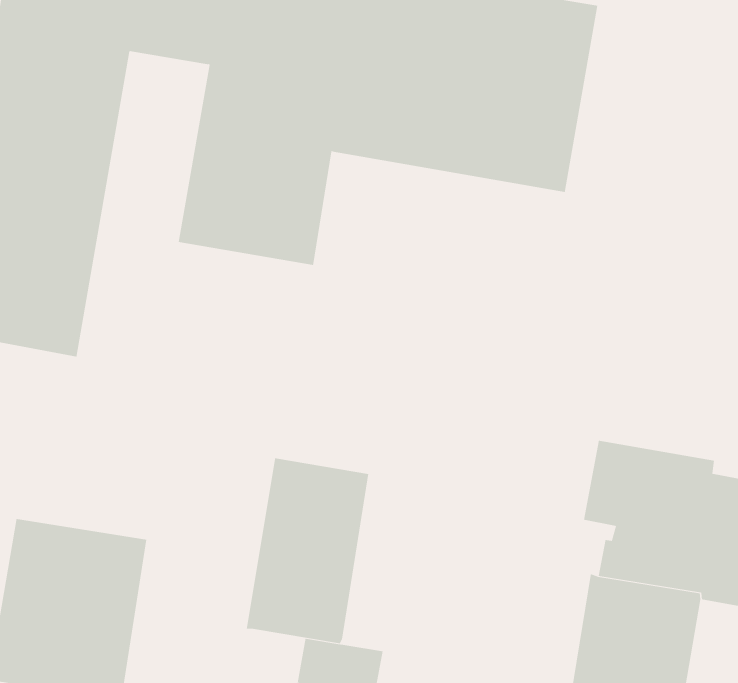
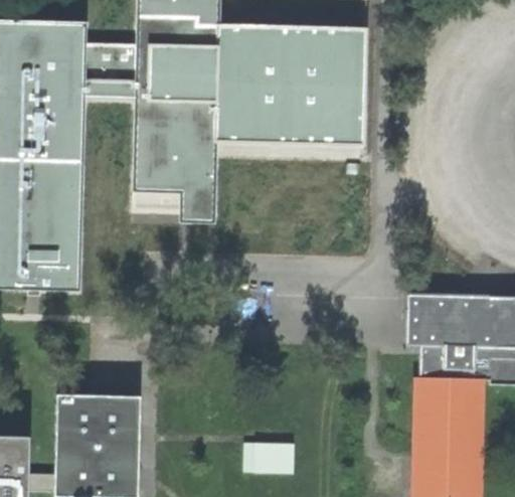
building: [246,458,369,644] -> none

